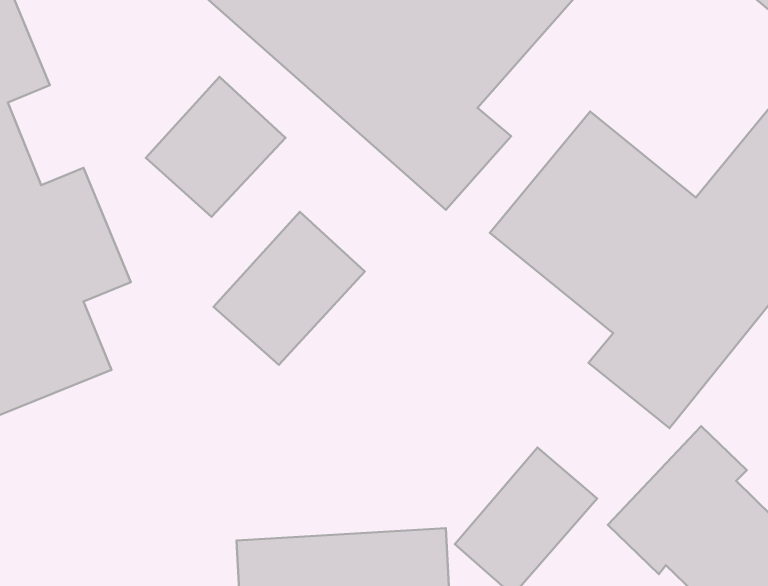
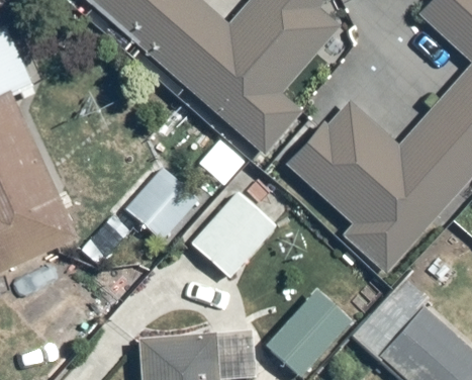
building: [146,77,285,217] -> none
building: none -> [192,187,283,280]

